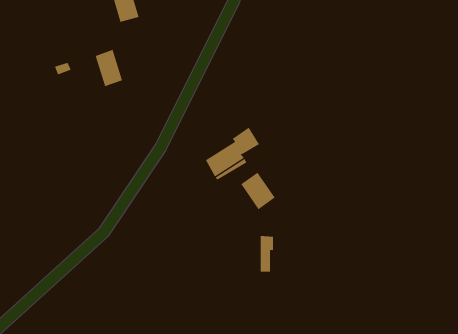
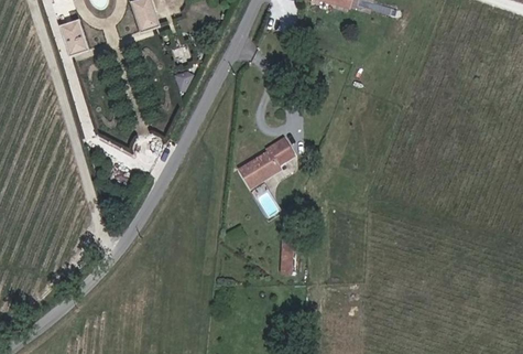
building: [95,49,123,87] -> [59,19,88,57]
building: [241,172,275,210] -> none

